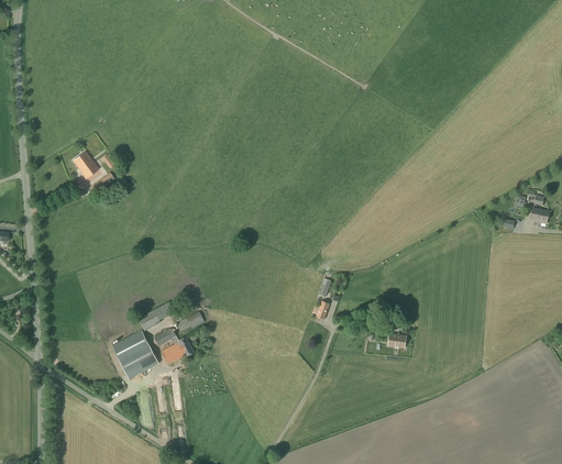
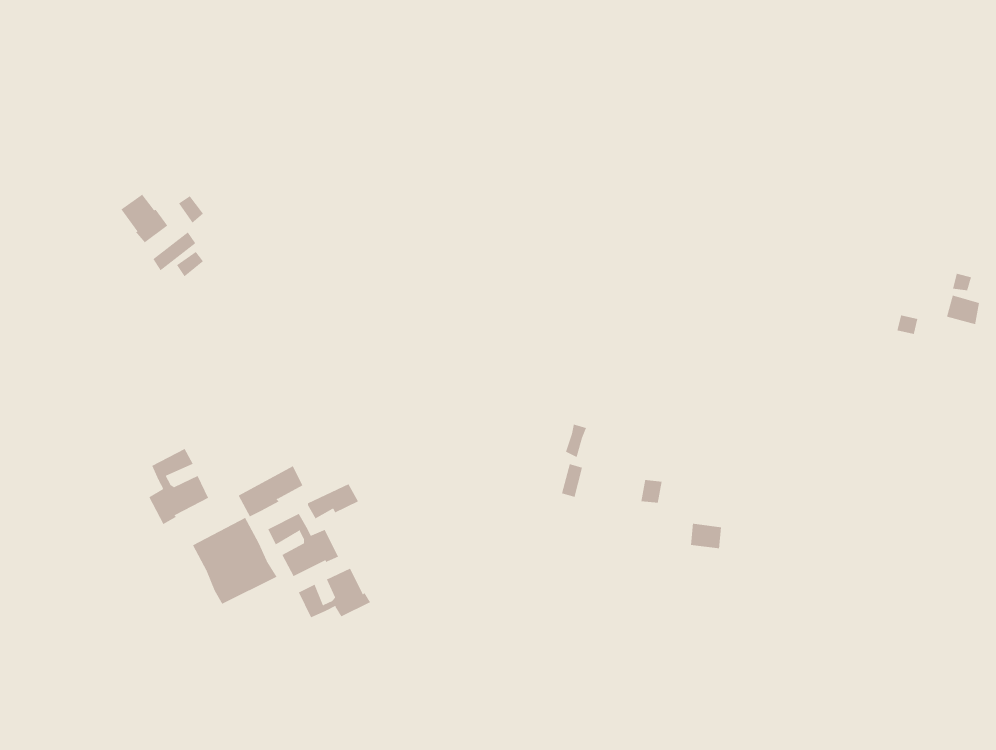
building: none -> [149,448,209,525]
building: none -> [298,568,371,618]

